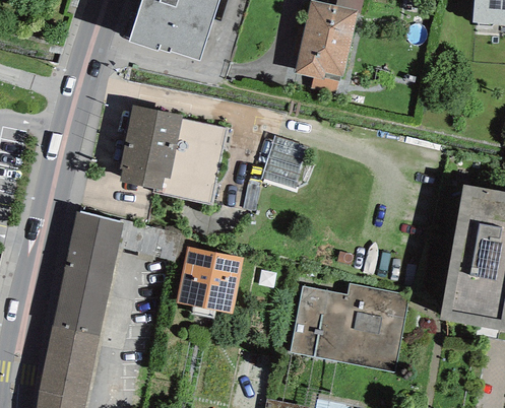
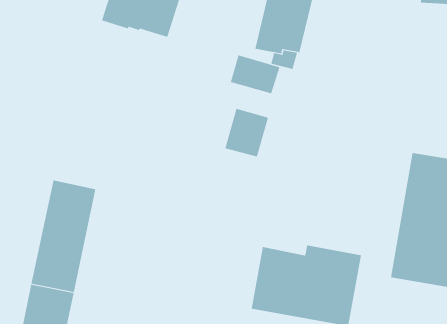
building: none -> [230,54,280,94]
building: [120,105,228,204] -> none
building: [176,247,244,318] -> none

